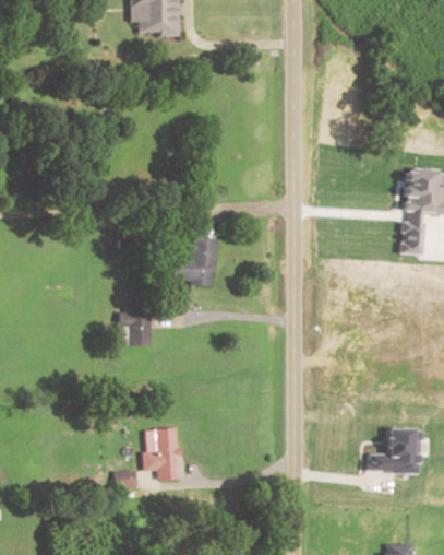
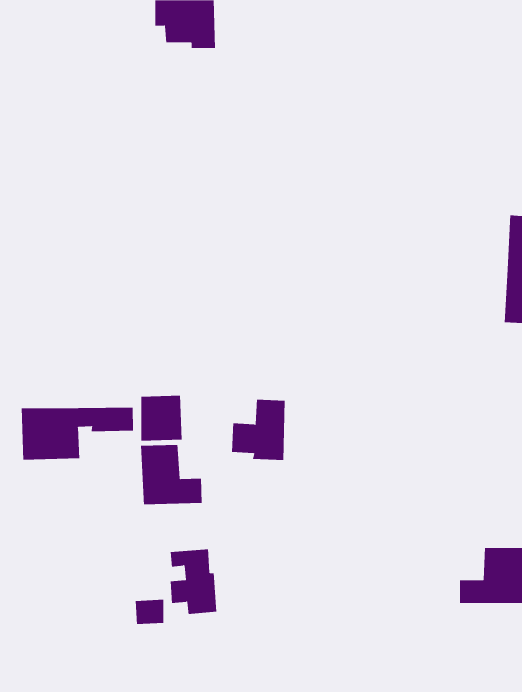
building: [175,237,217,285] -> [231,399,286,461]
building: none -> [21,407,133,461]
building: none -> [140,444,202,505]

